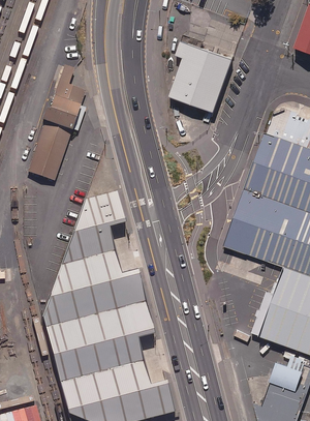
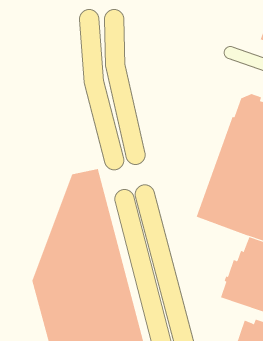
building: [169,42,232,113] -> none
building: [28,66,87,182] -> none

